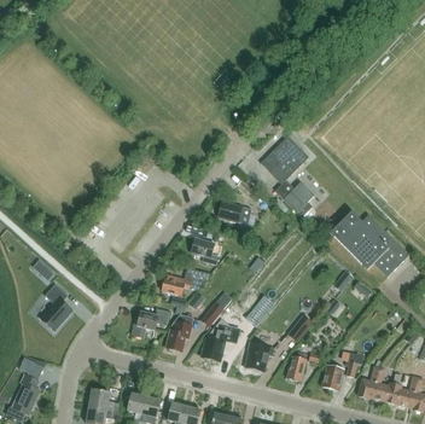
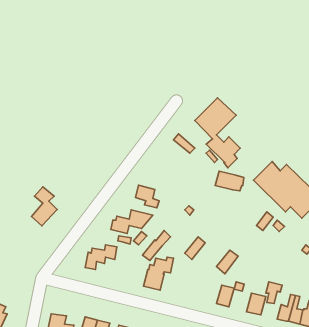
building: [217,201,251,223] -> [215,171,244,191]
building: [41,284,71,330] -> [32,187,57,226]
building: [165,314,193,352] -> none
building: [245,342,274,372] -> none

